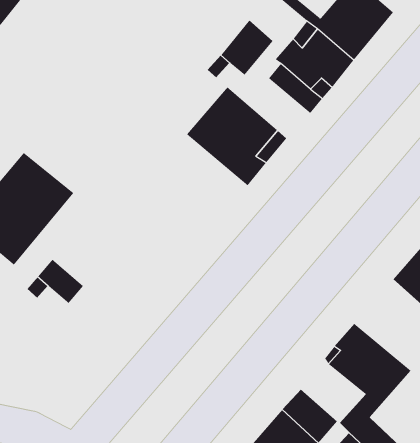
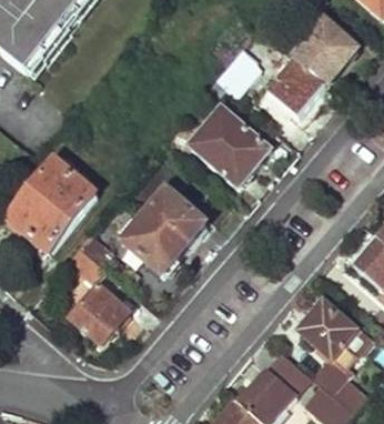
building: none -> [123,192,205,274]
building: none -> [70,284,130,344]

